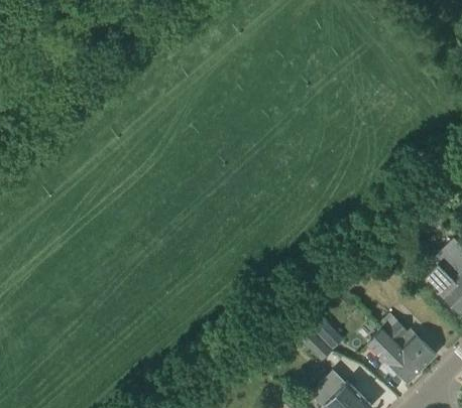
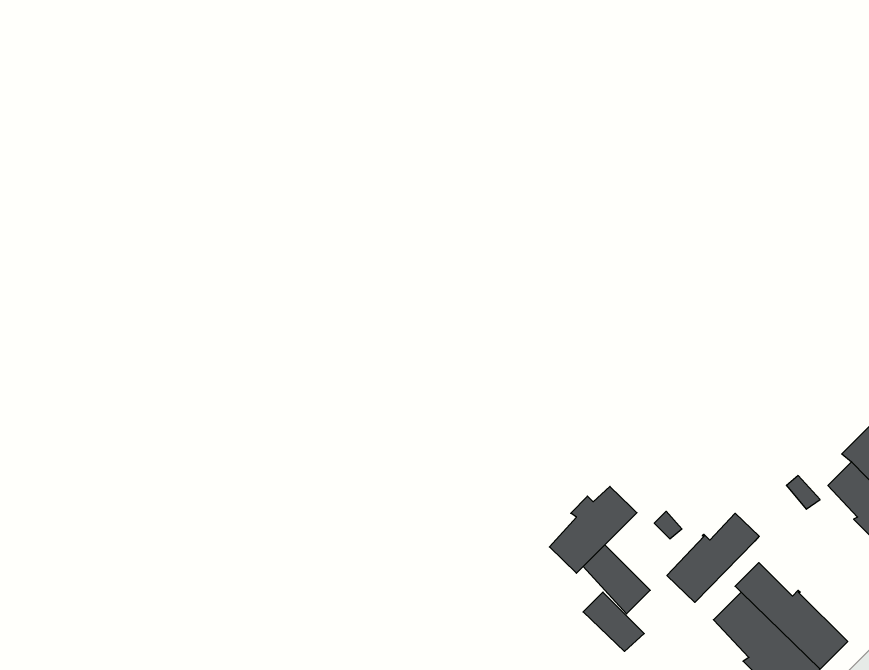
building: none -> [549,486,637,573]
building: none -> [667,513,759,602]

